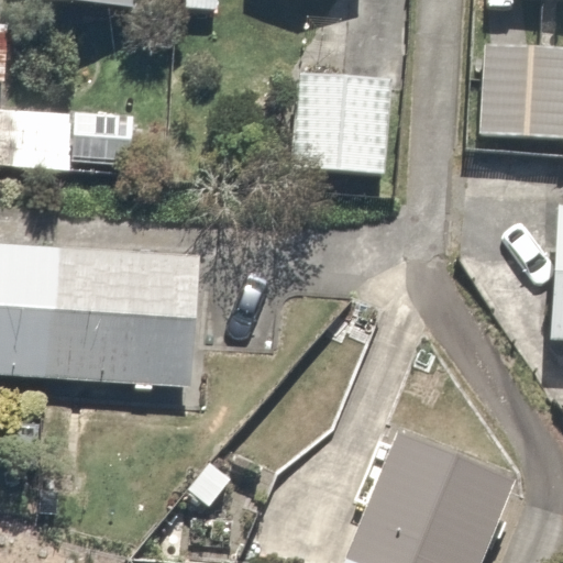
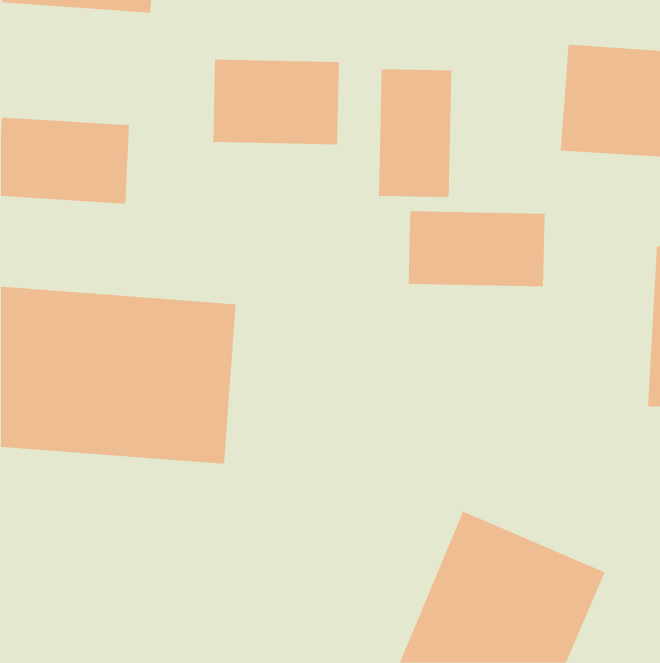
building: none -> [213,59,340,145]
building: none -> [408,211,545,287]

